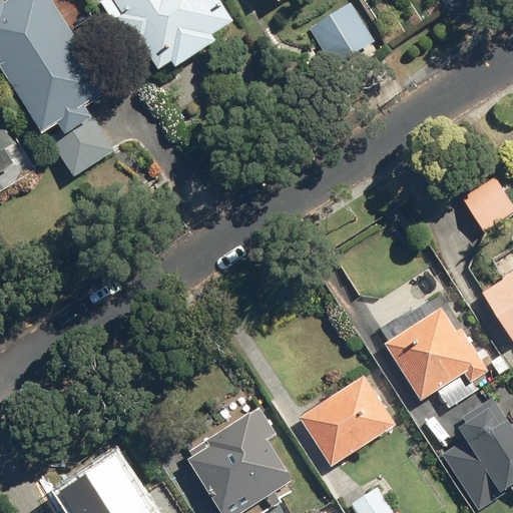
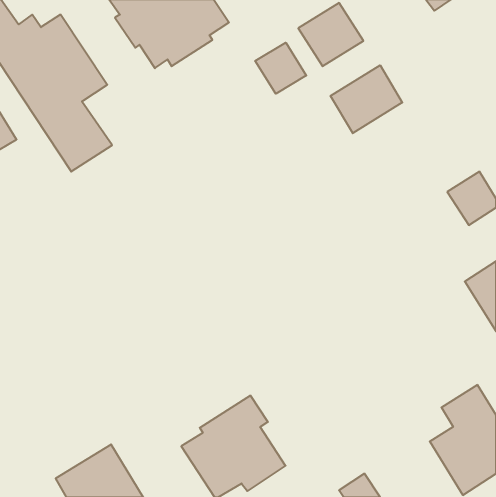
building: none -> [255,43,306,94]
building: none -> [331,65,402,133]
building: [383,307,488,401] -> none
building: [298,375,396,467] -> none

